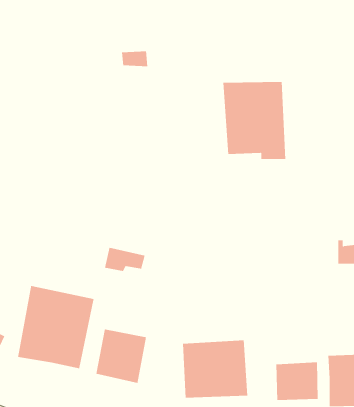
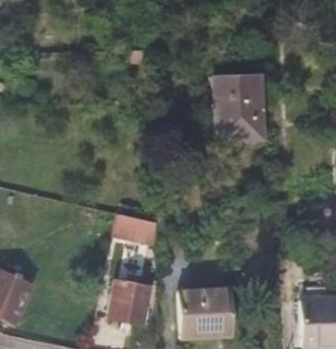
building: [17,285,94,369] -> none
building: [276,361,318,401] -> none

